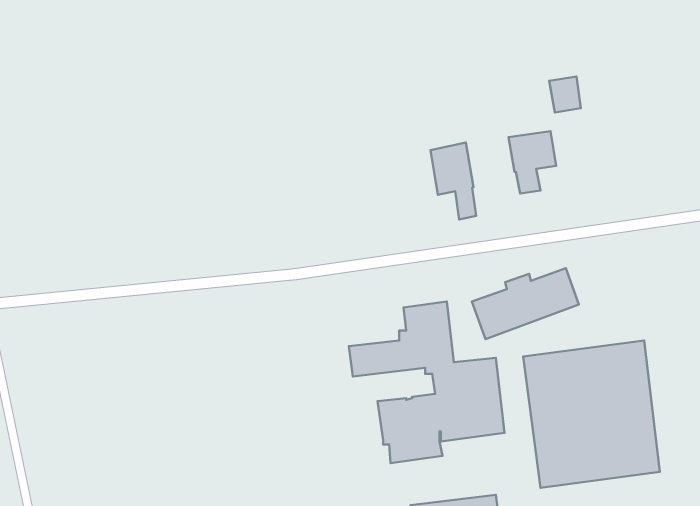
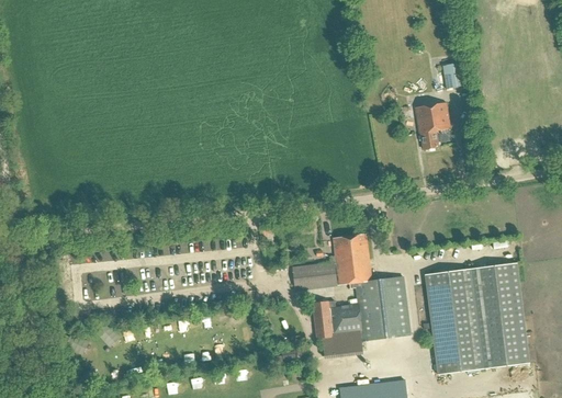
building: [430,143,476,219] -> none
building: [472,268,579,339] -> none

